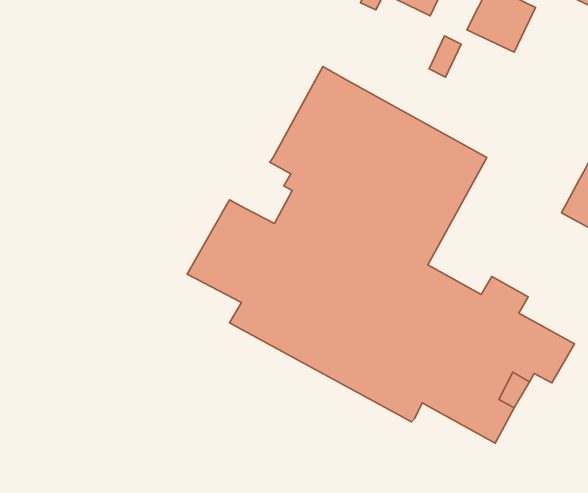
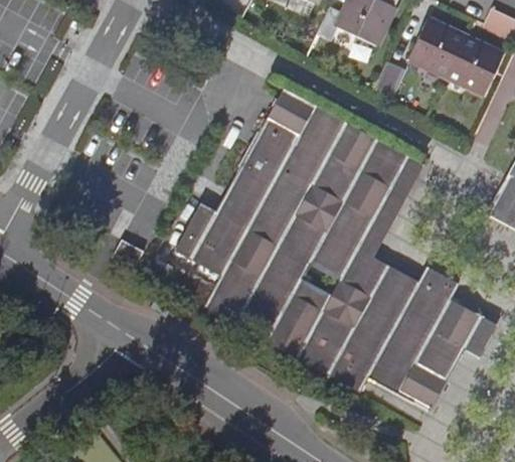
building: none -> [448,38,505,96]
building: none -> [218,170,259,222]

